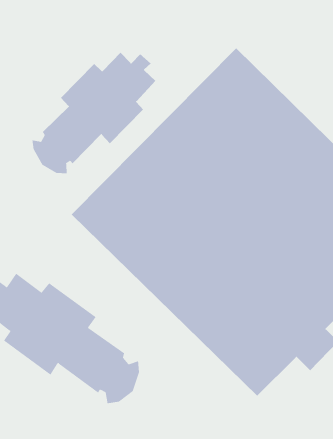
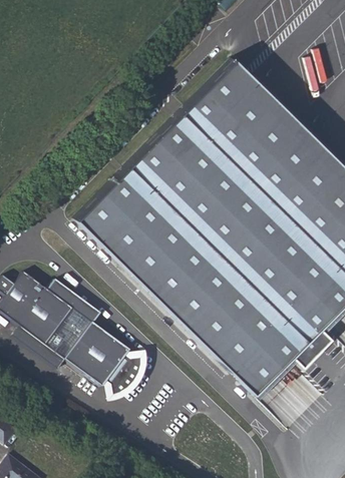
building: [32,52,156,174] -> none

